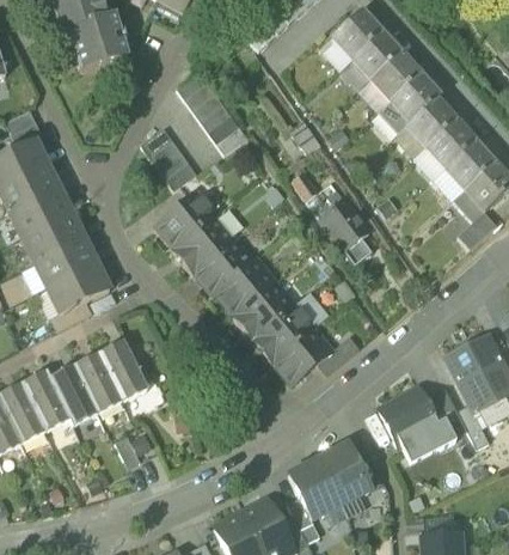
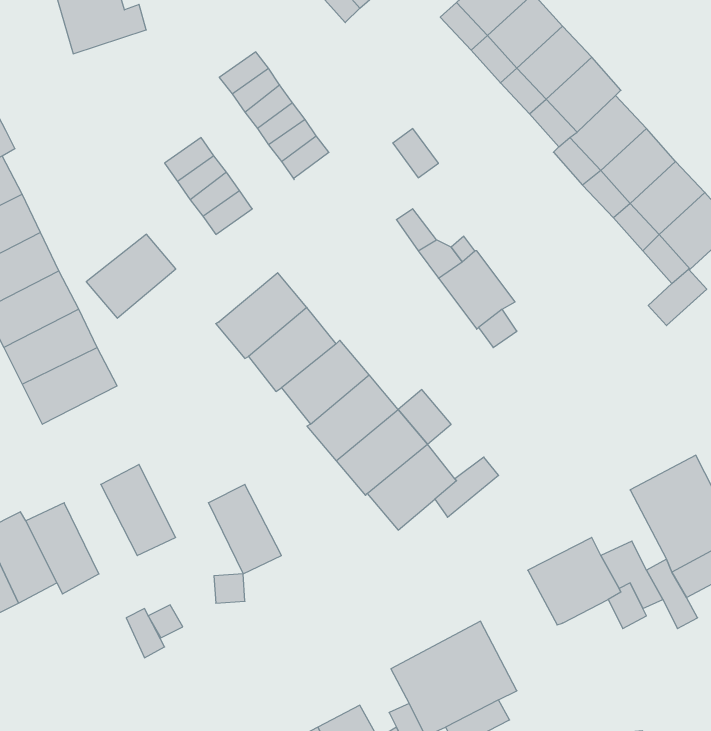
building: [157,191,215,246] -> [86,234,176,318]
building: [75,353,123,411] -> [208,484,281,574]
building: [401,428,441,463] -> none

